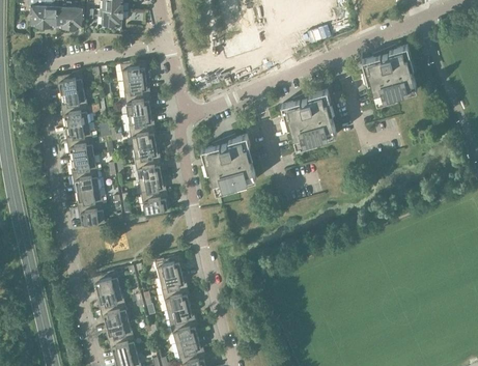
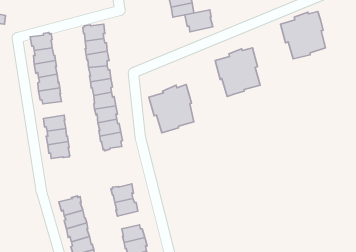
building: none -> [185,10,213,32]
building: [71,156,97,176] -> none
building: [163,289,191,311] -> none

